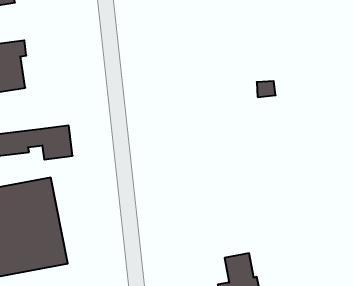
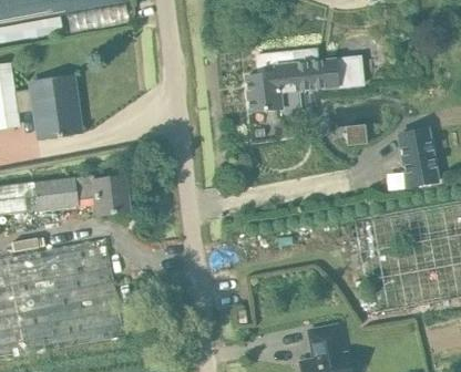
building: none -> [245,50,365,113]
building: none -> [397,126,440,188]

